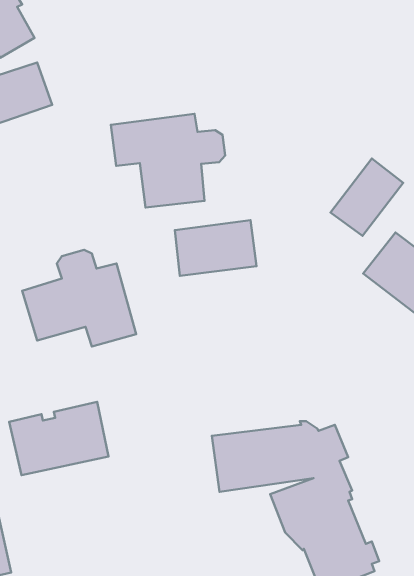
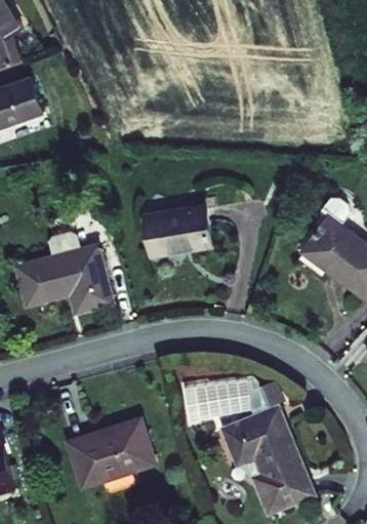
building: [111,114,225,208] -> none
building: [331,159,403,236] -> none
building: [9,402,108,475] -> [72,419,154,480]

